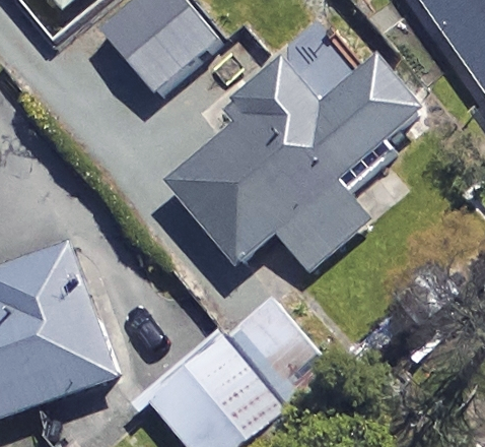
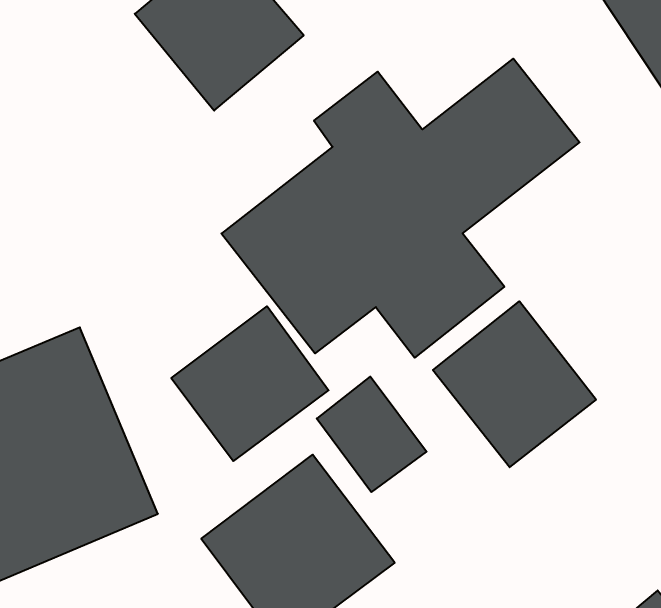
building: none -> [433,301,596,467]
building: none -> [171,306,329,461]

